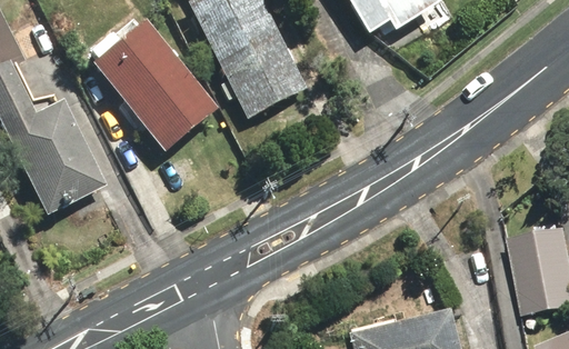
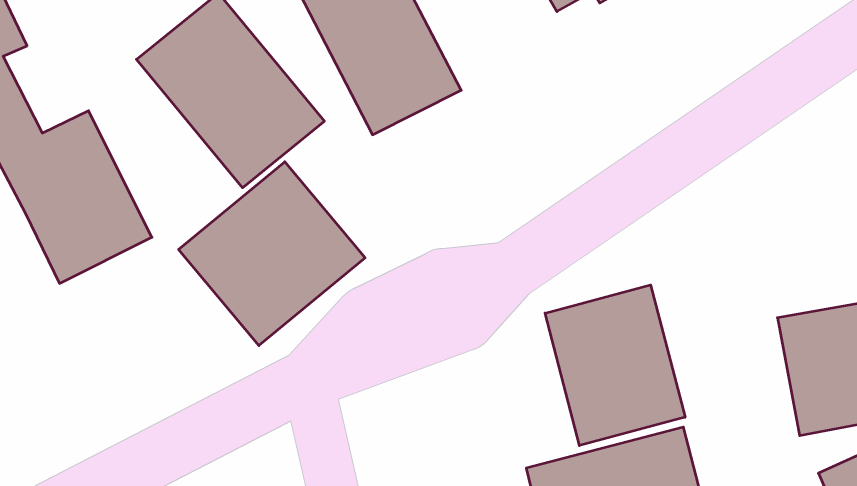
building: none -> [179,162,365,346]
building: none -> [545,285,685,446]

